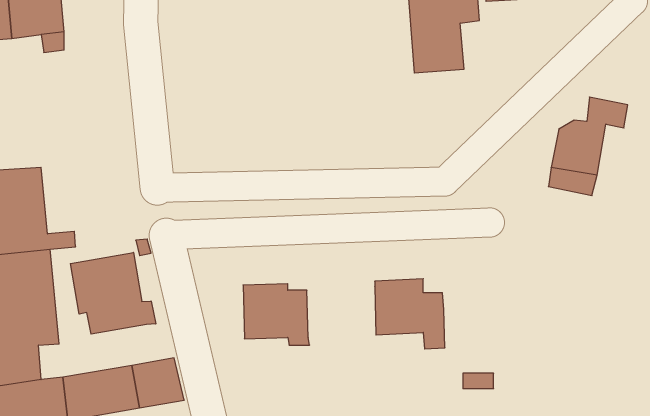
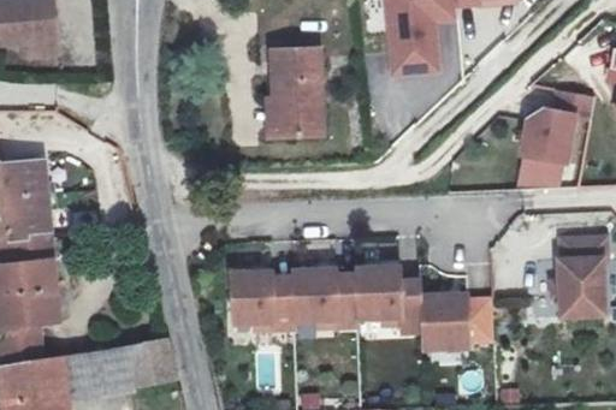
building: none -> [267,47,325,138]
building: none -> [556,237,605,316]
building: [70,252,156,334] -> none
building: none -> [291,267,356,326]
building: none -> [420,292,492,347]

